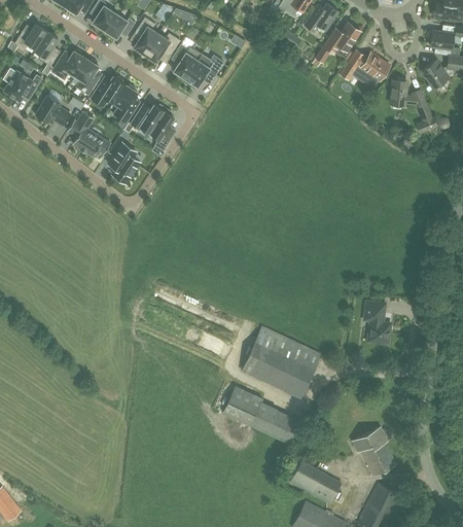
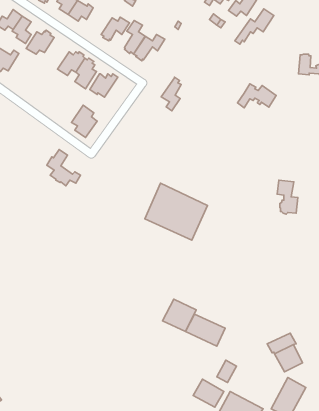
building: [133,15,157,54] -> none
building: [340,50,388,80] -> [238,84,276,108]
building: [73,58,101,94] -> none
building: [34,95,69,125] -> none
building: [148,107,173,149] -> [161,77,181,111]
building: [67,110,109,155] -> [47,149,81,186]
building: [363,301,389,343] -> [277,180,298,214]
building: [241,325,319,396] -> [145,183,208,240]
building: [301,467,340,502] -> [193,379,224,407]

